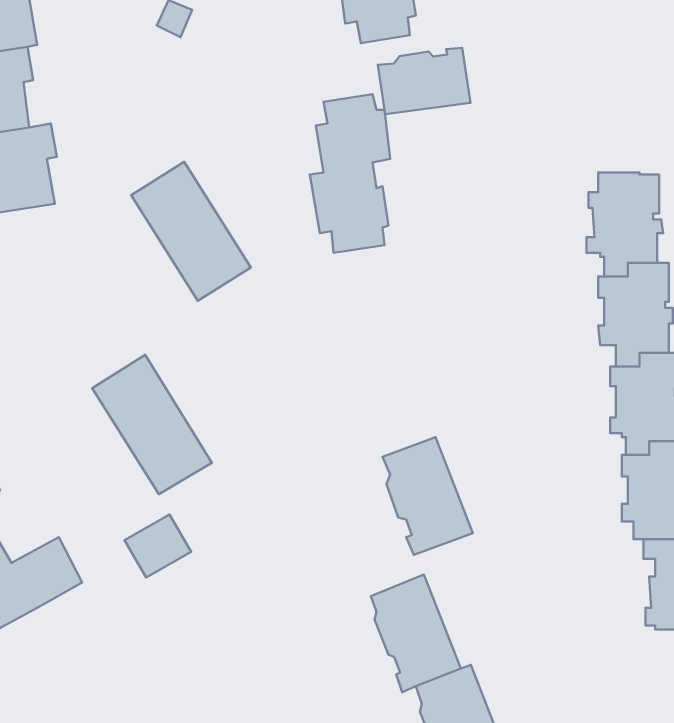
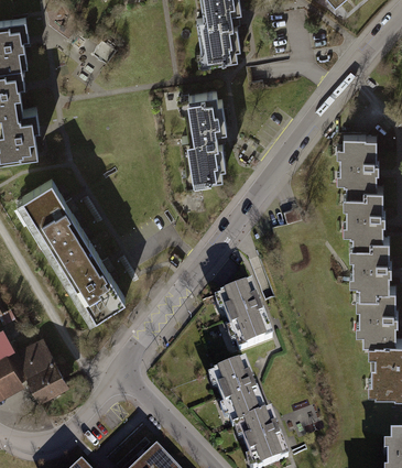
building: [378,48,471,114] -> none
building: [131,162,251,301] -> [21,179,88,258]
building: [124,515,191,577] -> [28,367,65,402]

